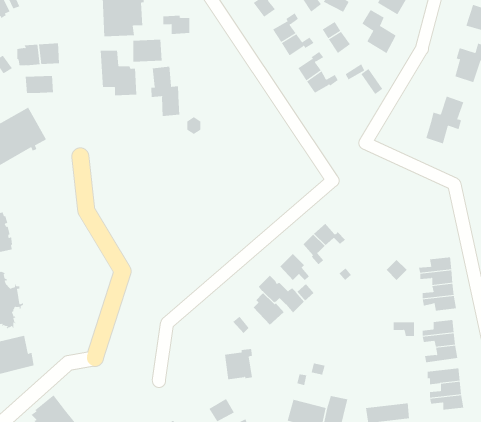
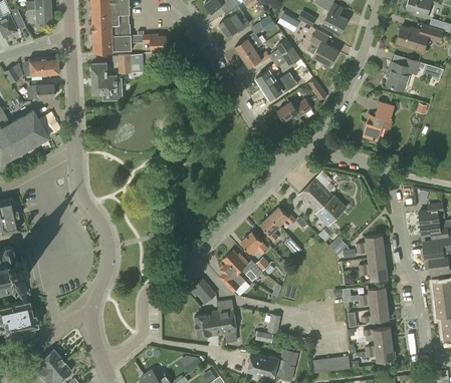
building: [151,66,180,117] -> none
building: none -> [277,99,312,121]
building: none -> [298,171,347,227]
building: none -> [216,309,237,343]

